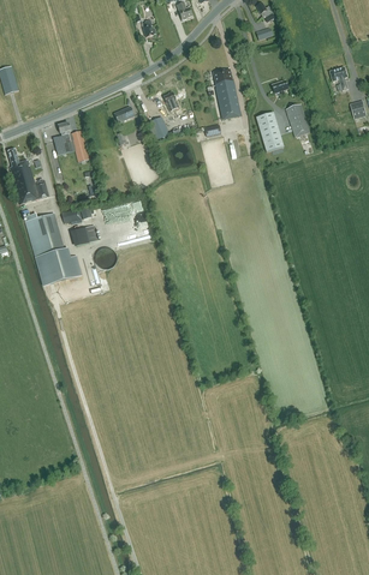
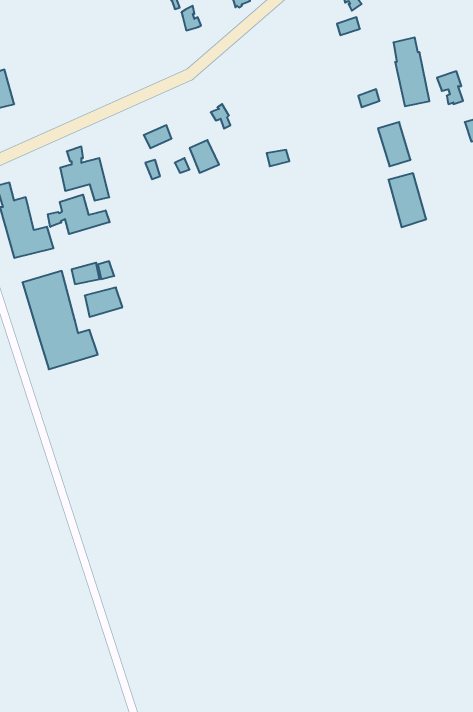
building: [214,68,240,119] -> [393,37,429,106]
building: [256,112,284,151] -> [388,173,426,227]
building: none -> [48,195,110,234]

